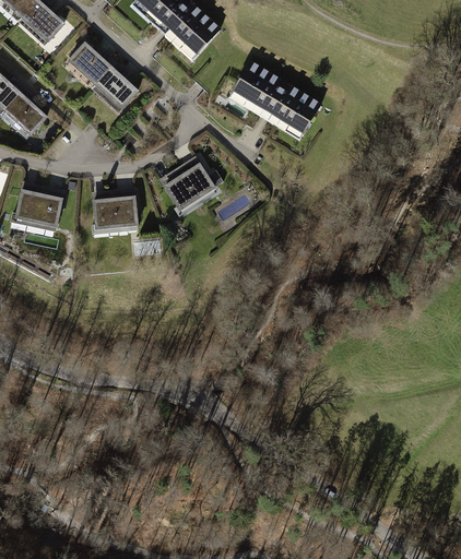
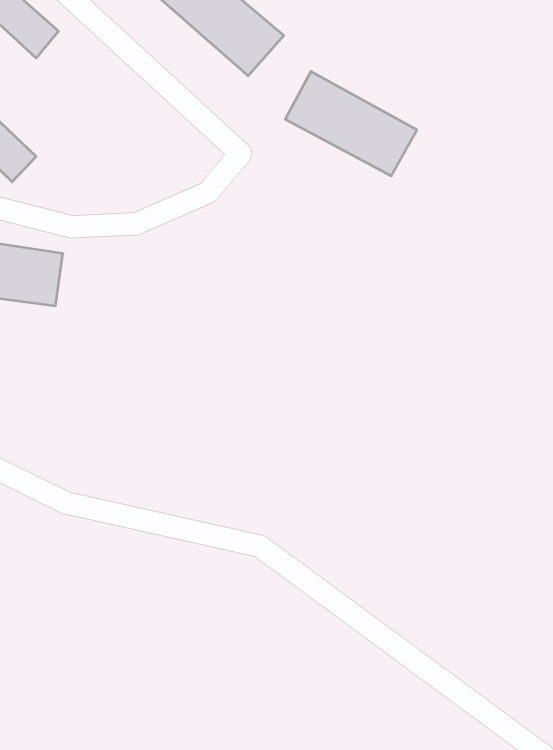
building: [69,47,137,112] -> none
building: [156,153,220,214] -> none
building: [87,190,139,230] -> none

